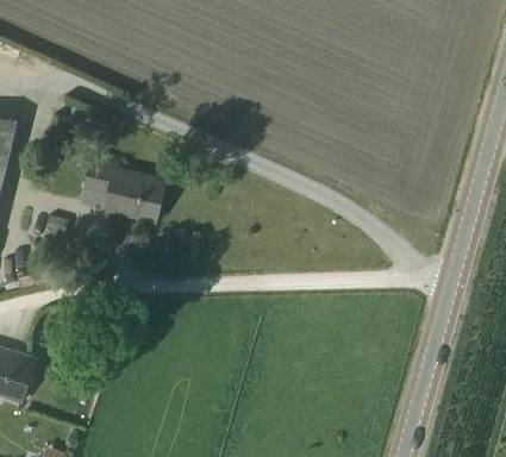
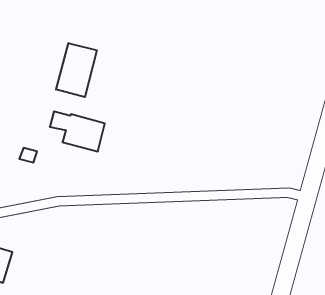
building: none -> [56,43,97,97]

